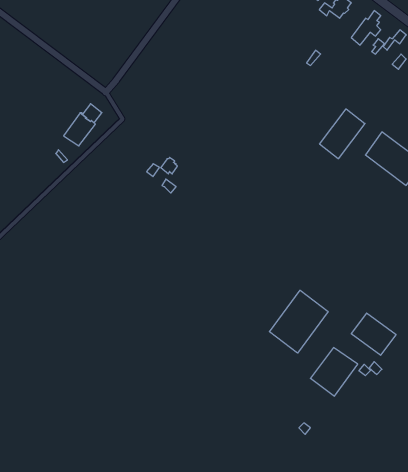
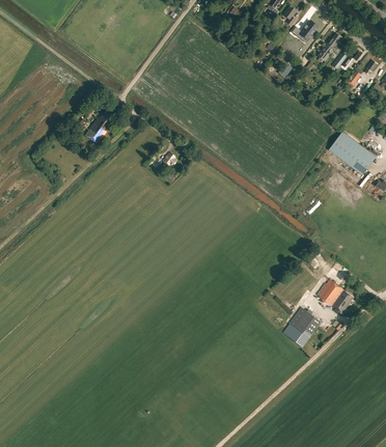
building: [320,109,365,159] -> none
building: [269,290,328,353] -> none

